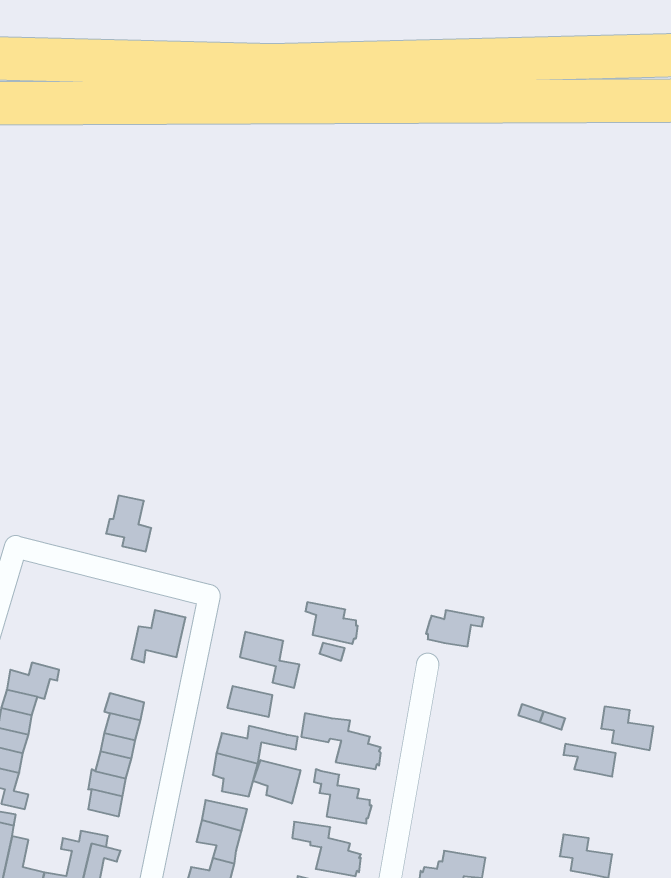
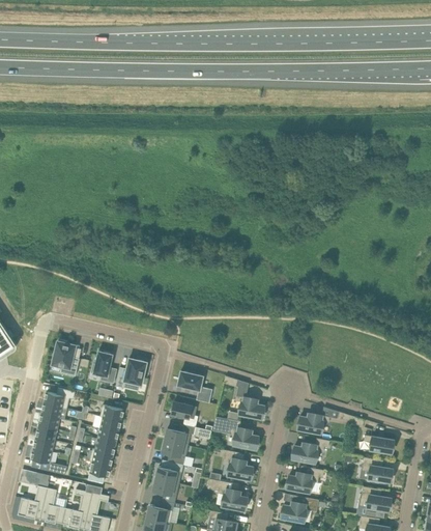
building: [106,496,151,552] -> [90,351,116,383]
building: none -> [52,339,79,375]
building: [305,602,358,644] -> [234,395,264,419]
building: [426,610,484,646] -> [296,413,329,434]
building: [601,707,653,750] -> [362,457,392,482]
building: none -> [291,439,329,464]
building: [253,760,300,804] -> none
building: none -> [285,466,323,494]

